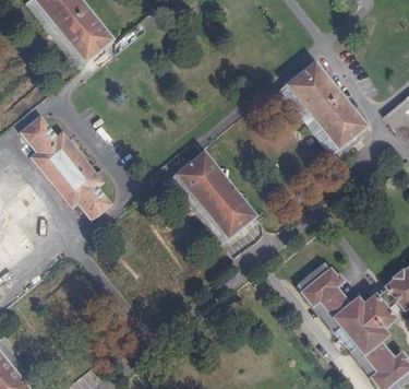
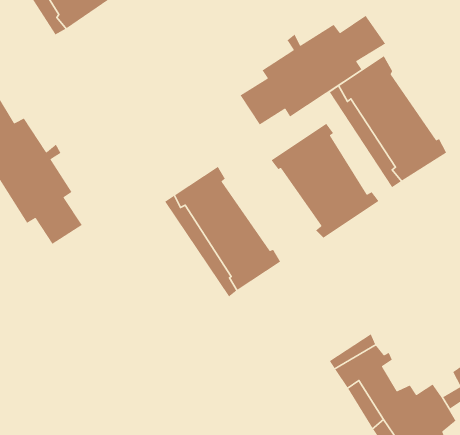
building: none -> [240,15,386,125]
building: none -> [270,123,379,238]

